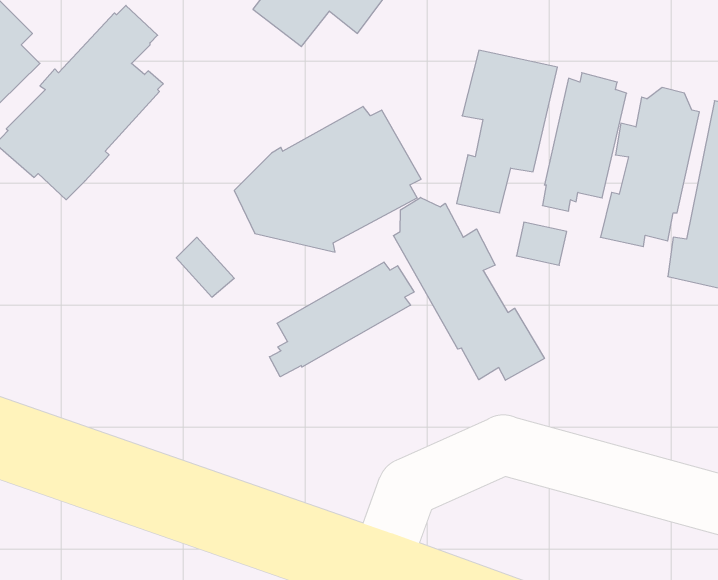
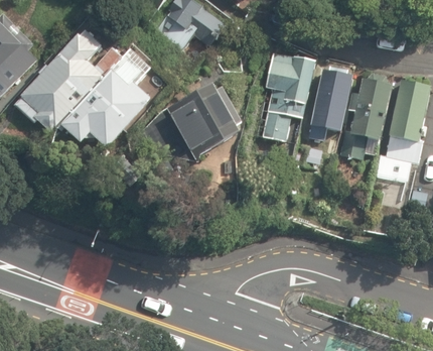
building: none -> [61,46,151,146]
building: [393,197,544,380] -> none
building: [269,262,414,377] -> none

